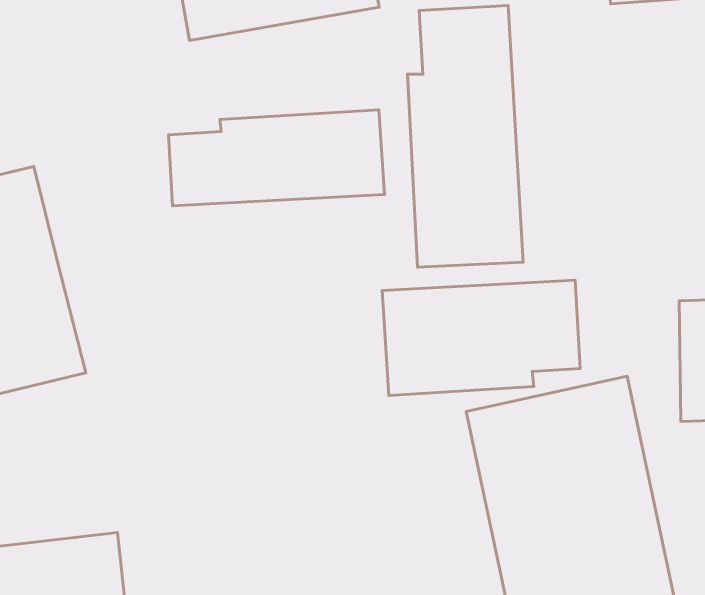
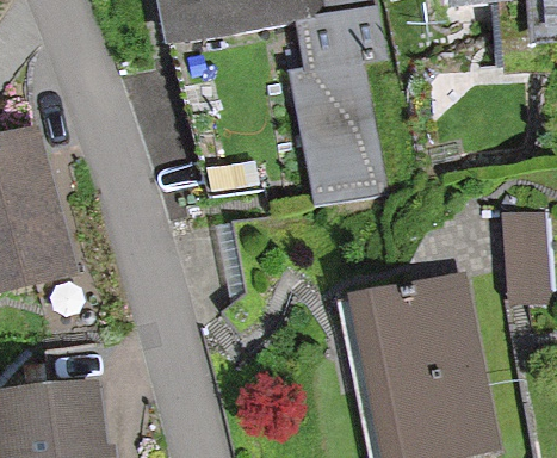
building: [169,110,384,206] -> none
building: [382,280,580,396] -> none

